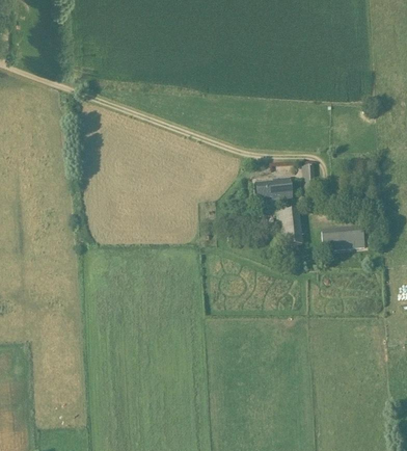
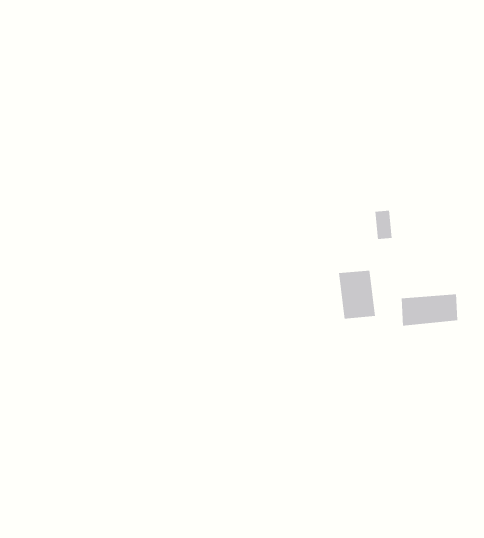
building: [255,175,291,198] -> none

